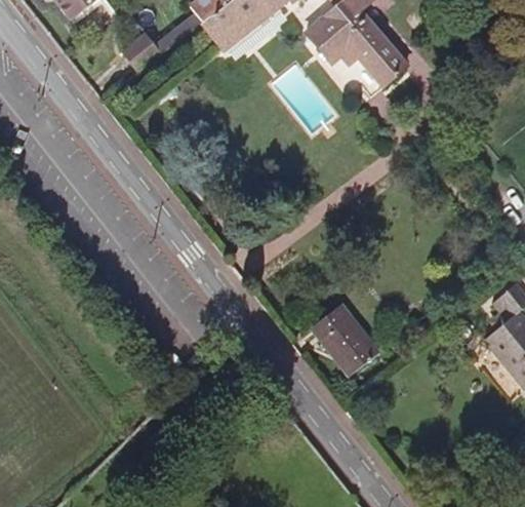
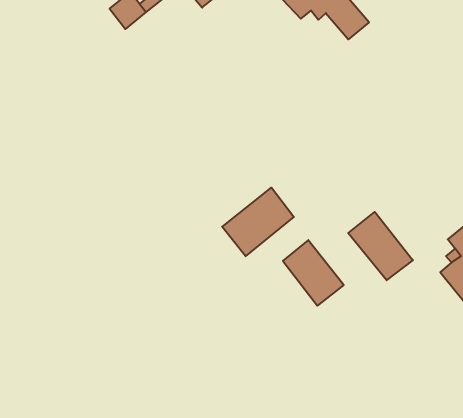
building: none -> [222,188,294,256]
building: none -> [348,212,413,280]

